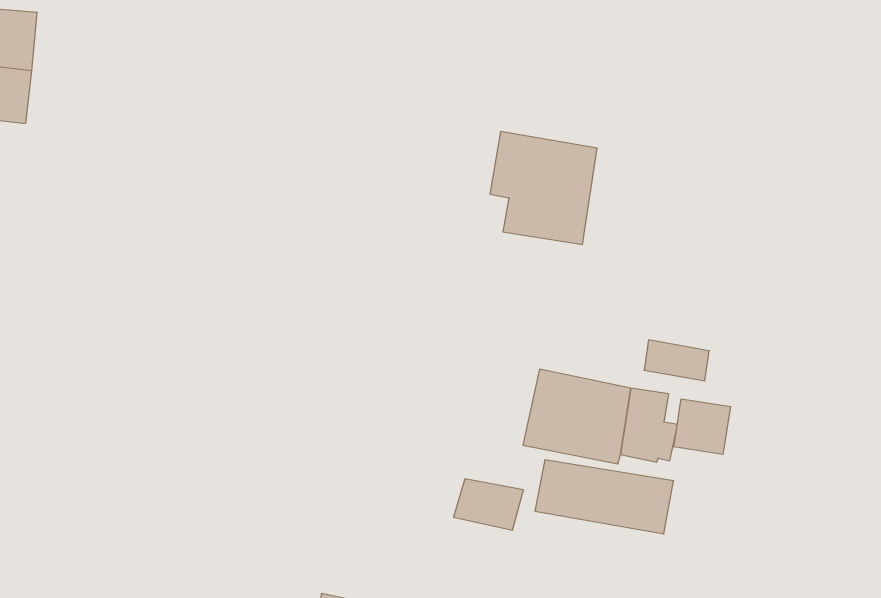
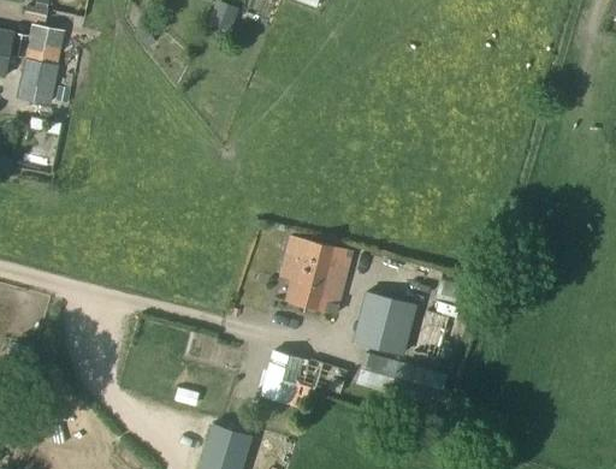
building: [490,132,597,245] -> [278,236,350,314]
building: [674,399,730,454] -> none
building: none -> [261,349,307,408]

